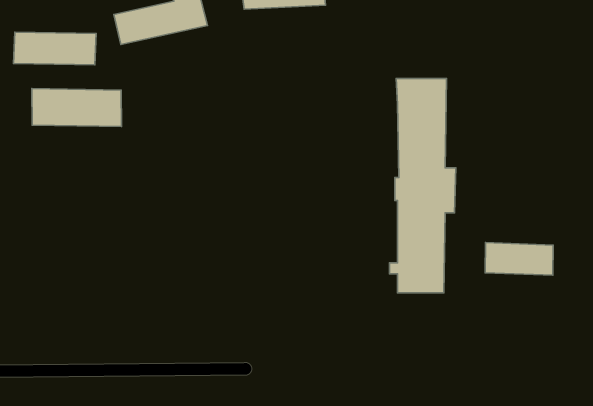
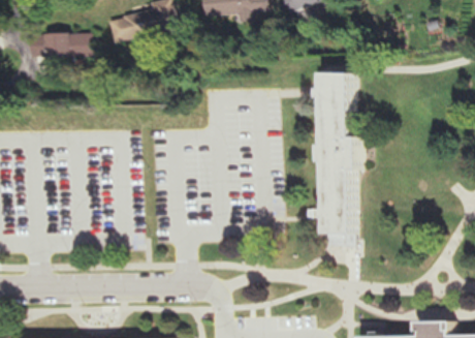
building: [32,89,121,127] -> none
building: [485,243,553,275] -> none

